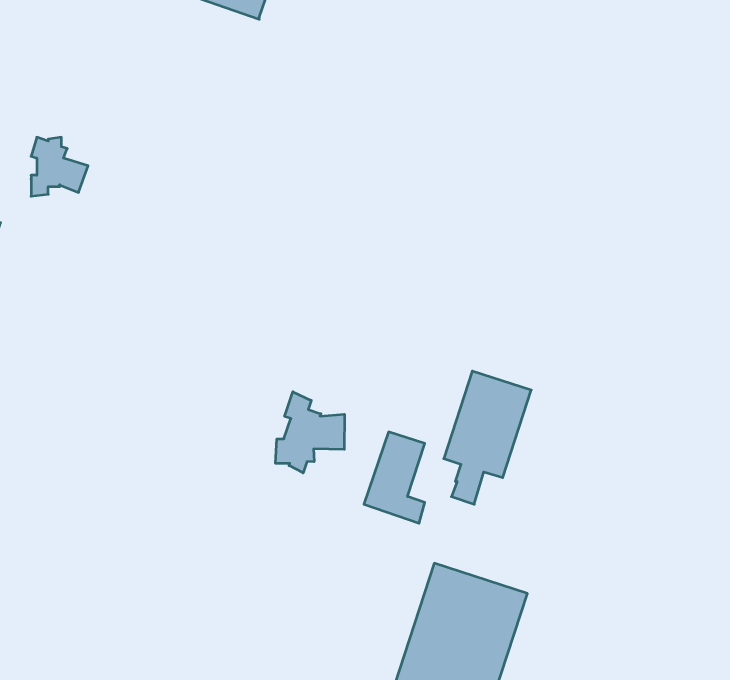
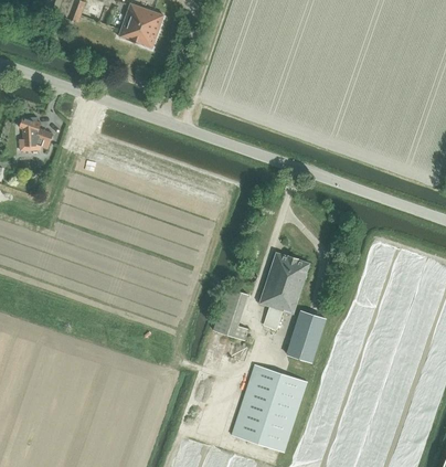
building: [276,392,344,473] -> none
building: none -> [287,310,326,362]

